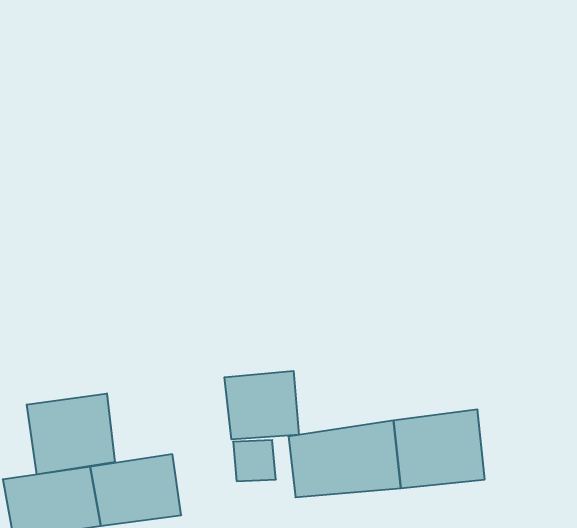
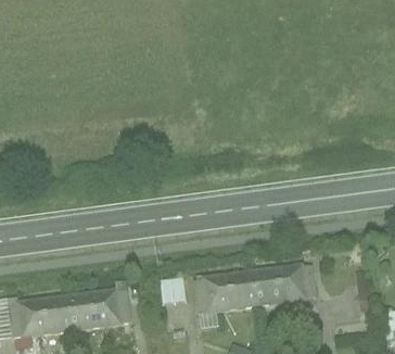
building: [224,371,299,439] -> none
building: [27,393,115,474] -> none

